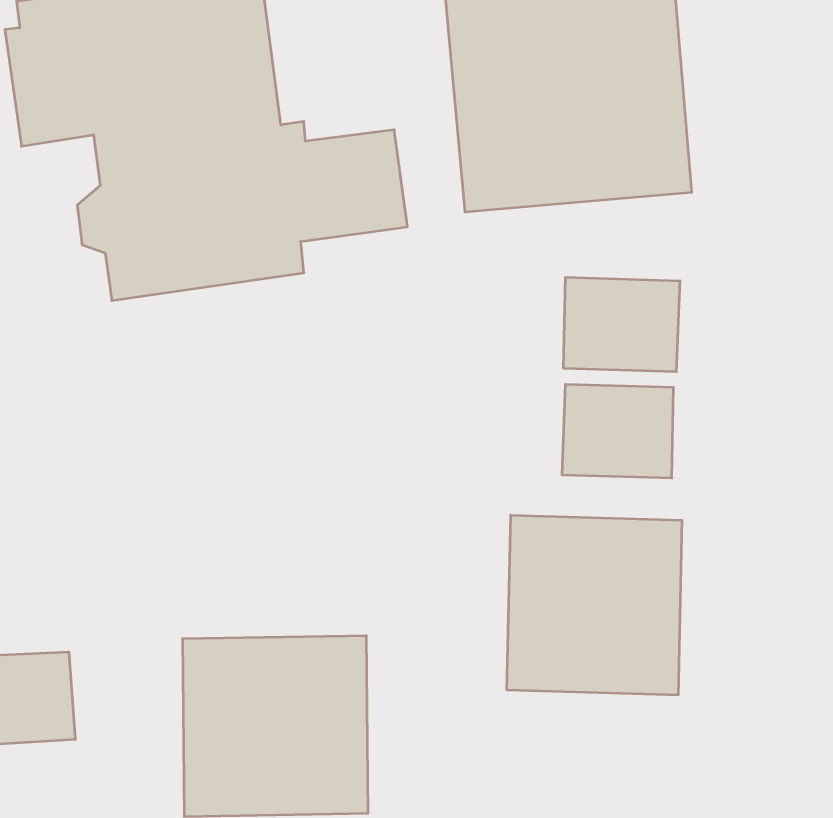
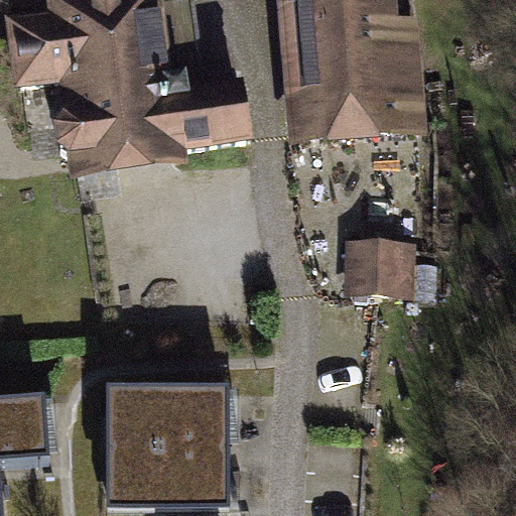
building: [564,277,680,372] -> none
building: [507,515,682,695] -> none

